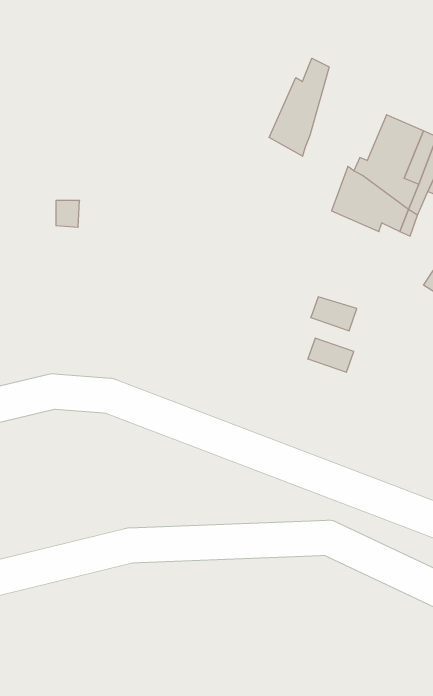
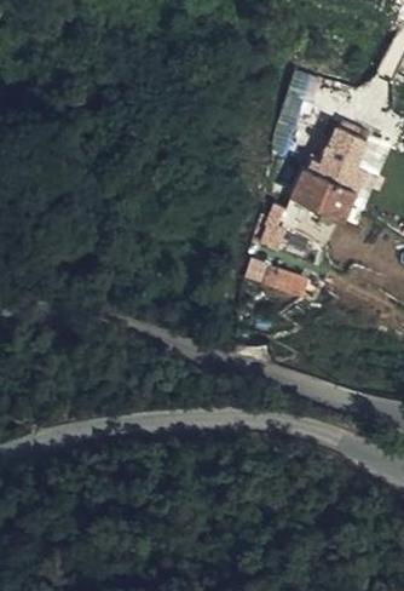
building: [269,58,329,156] -> none

